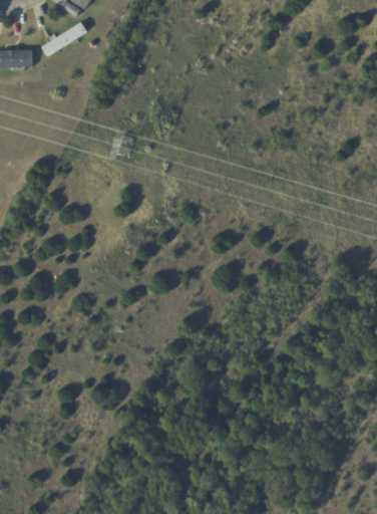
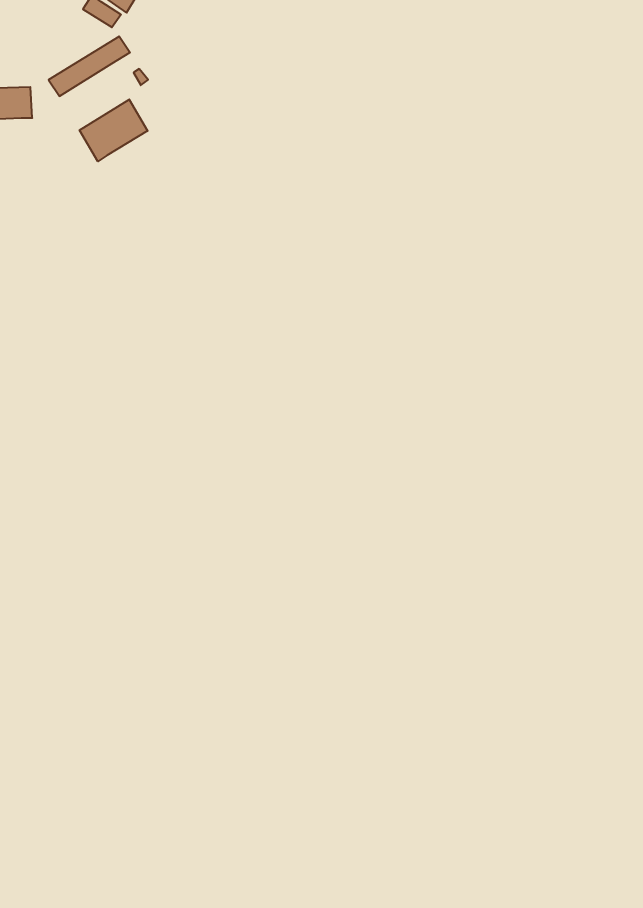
building: none -> [80,99,148,161]

